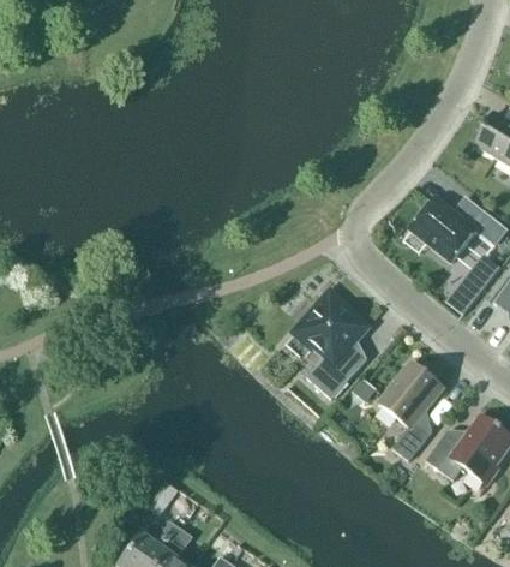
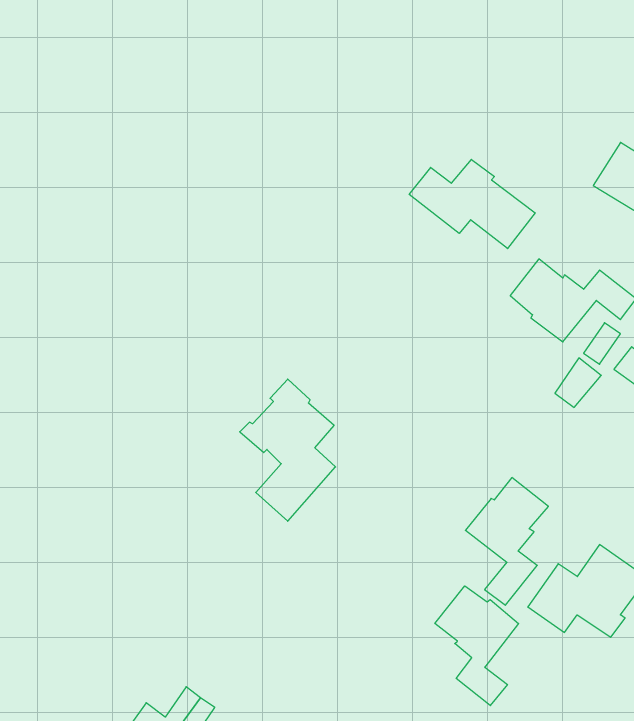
building: none -> [409,159,535,249]
building: [294,291,366,398] -> [240,379,336,521]
building: none -> [435,586,519,706]

